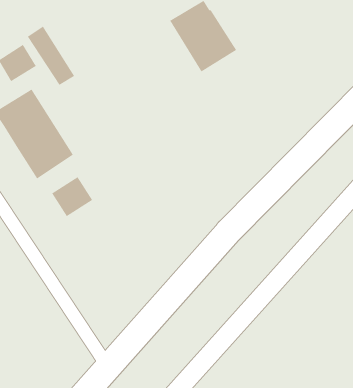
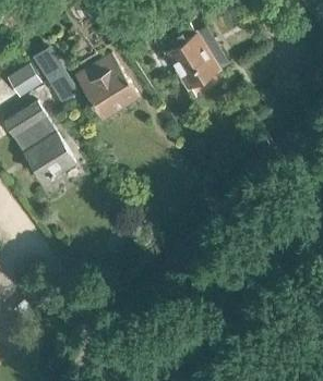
building: none -> [74,52,137,119]
building: [51,176,93,217] -> none

